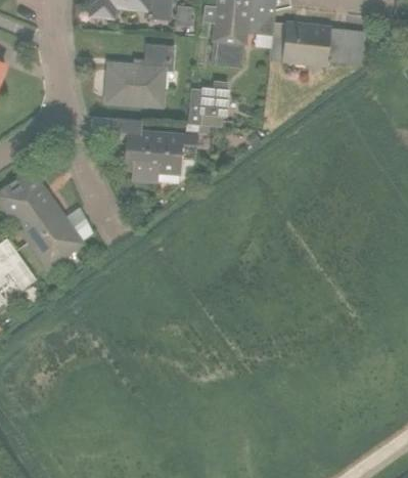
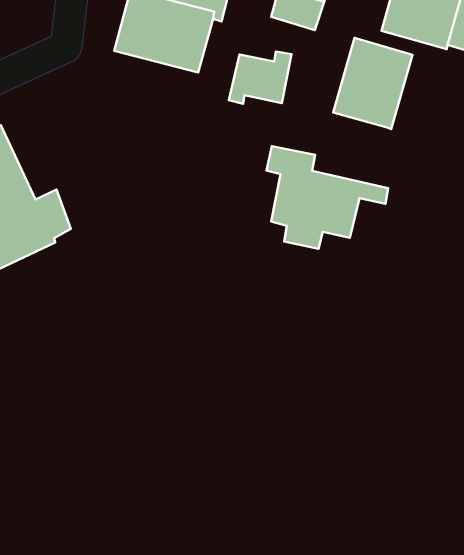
building: none -> [333,38,412,129]
building: [110,118,196,183] -> [266,146,388,249]

